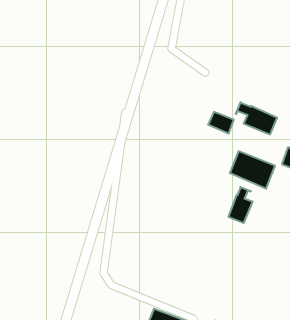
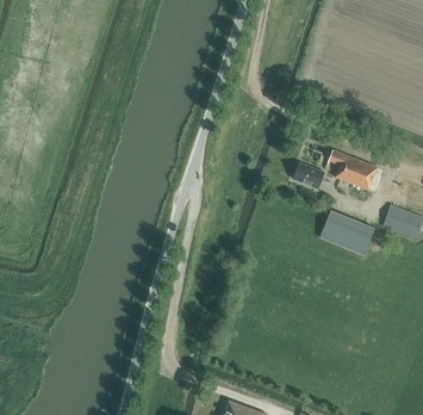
building: [229,187,253,223] -> none

